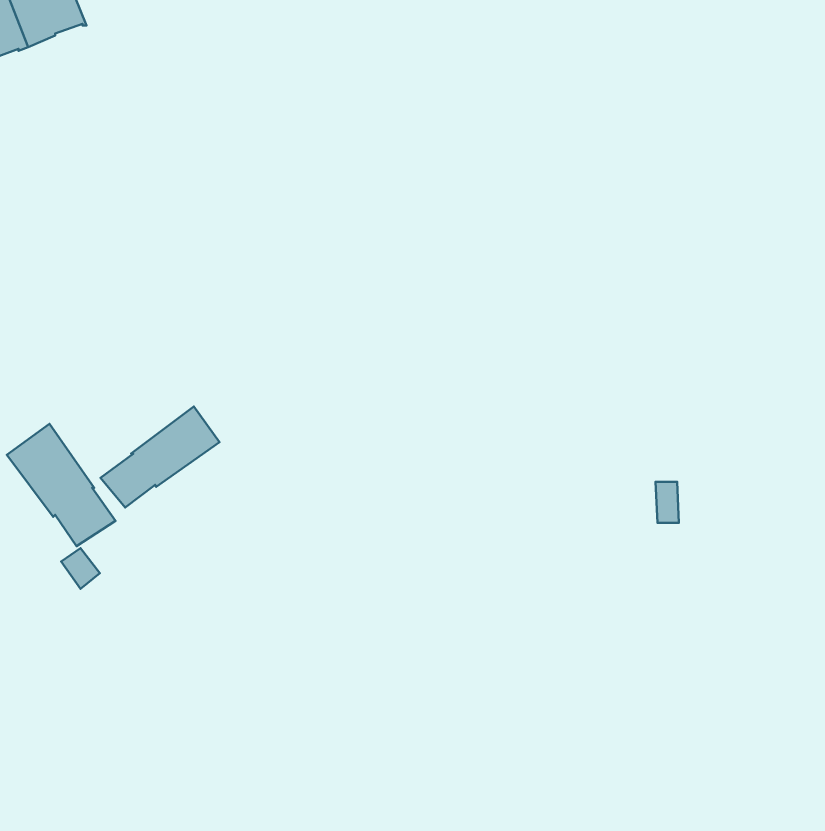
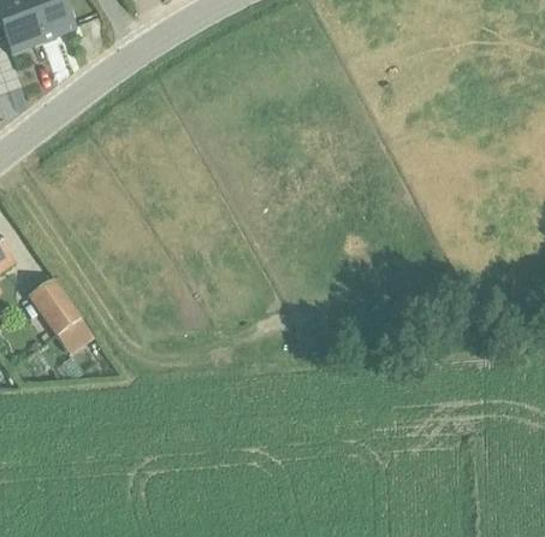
building: [101,406,220,508] -> none

